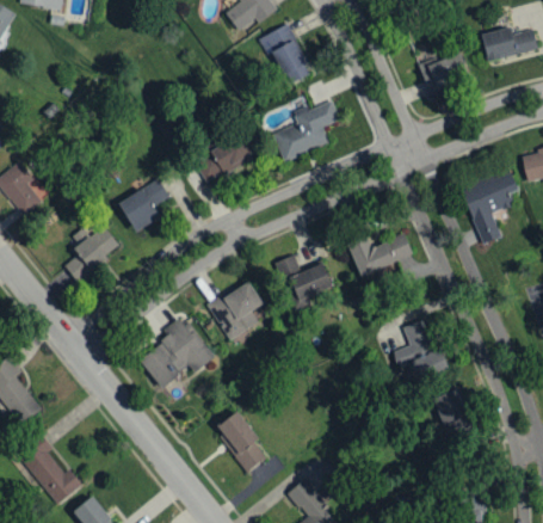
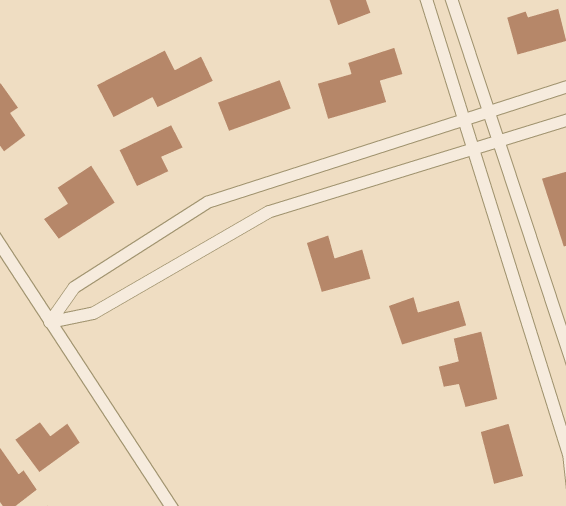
building: none -> [96,50,214,118]
building: [347,235,413,277] -> [388,296,467,345]
building: [209,282,263,340] -> none
building: [140,318,212,389] -> none
building: [215,411,267,472] -> none
building: none -> [14,421,81,473]

